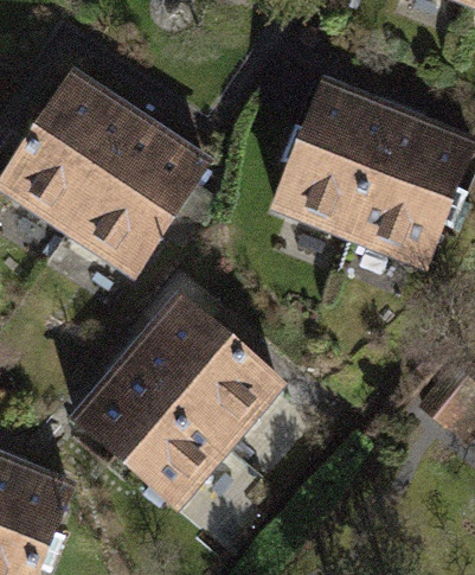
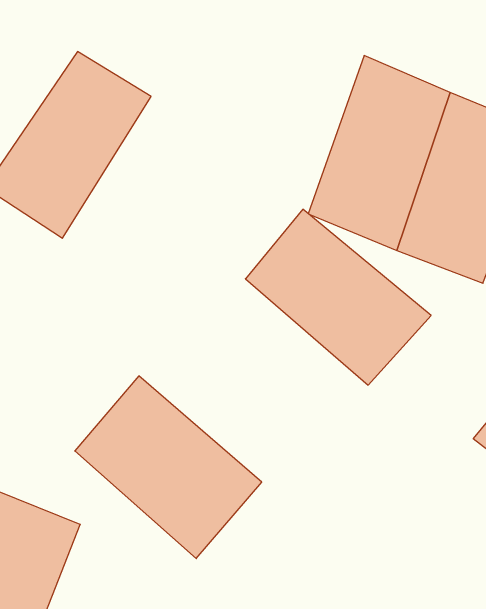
building: [59,108,210,276] -> none
building: [126,290,287,443] -> [245,209,431,385]

